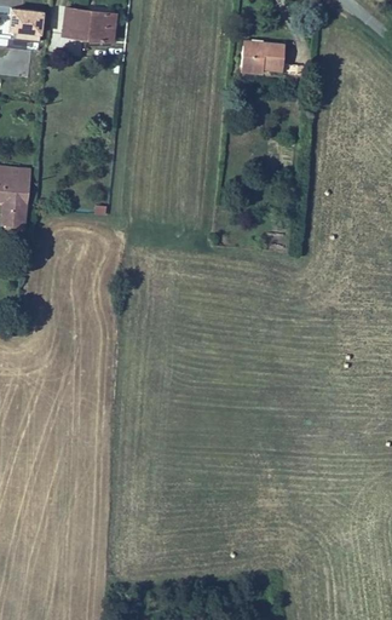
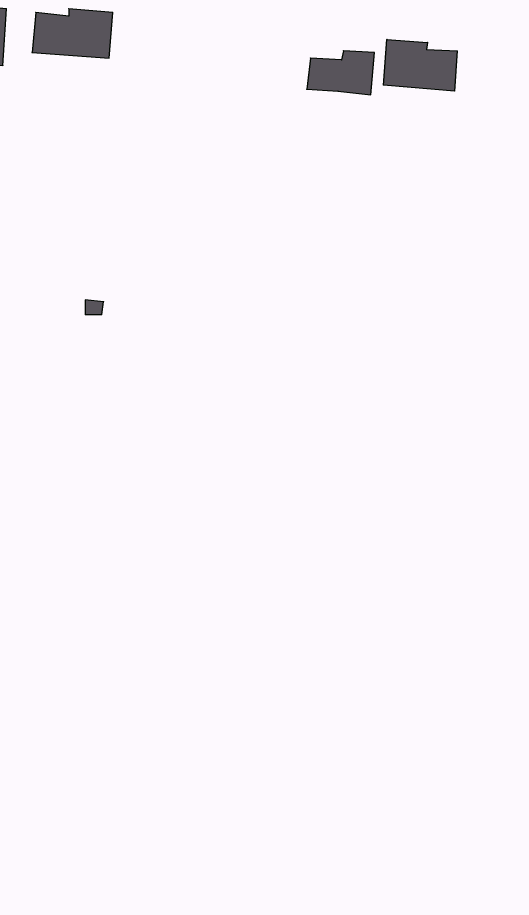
building: none -> [383,39,457,91]

